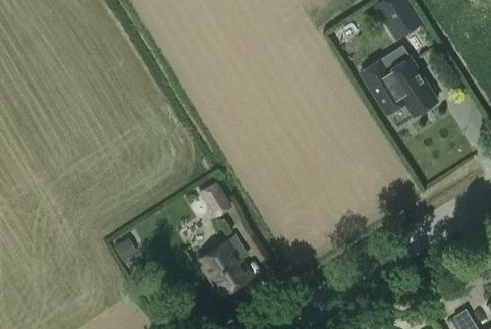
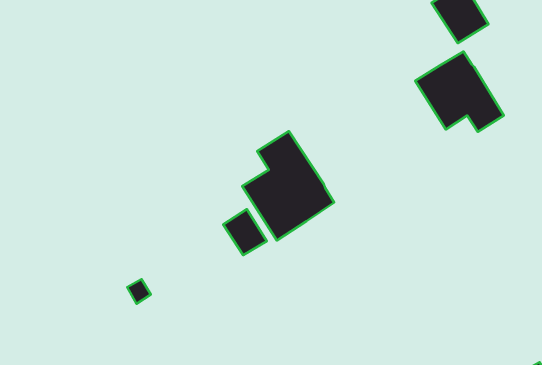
building: none -> [242,131,334,240]
building: [197,235,254,298] -> none

